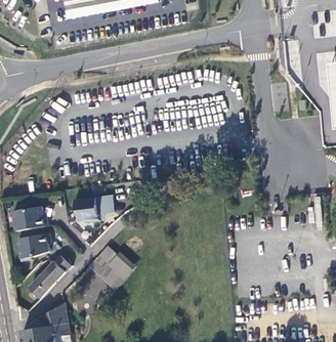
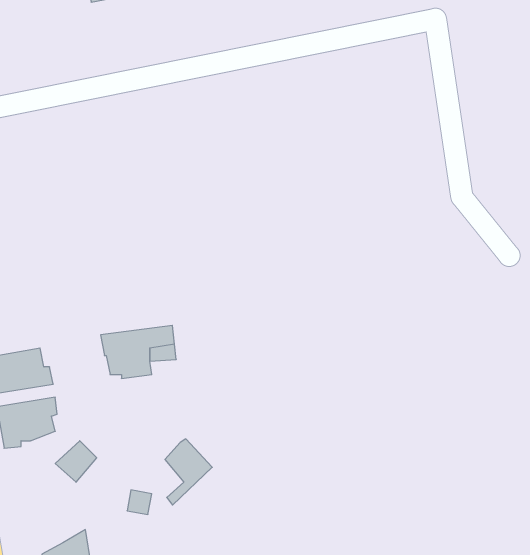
building: [85,248,116,288] -> none
building: [29,269,57,298] -> none

